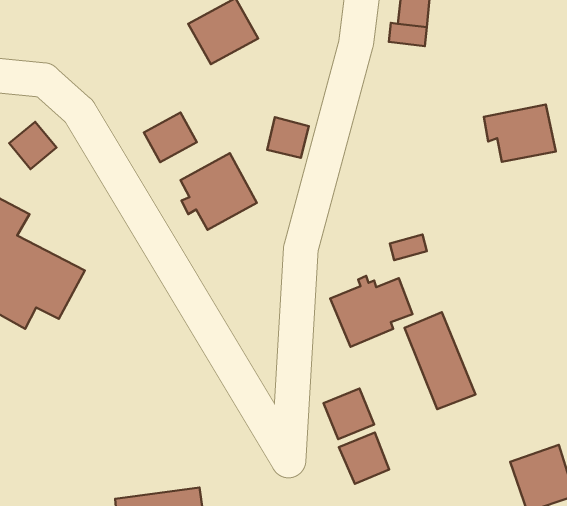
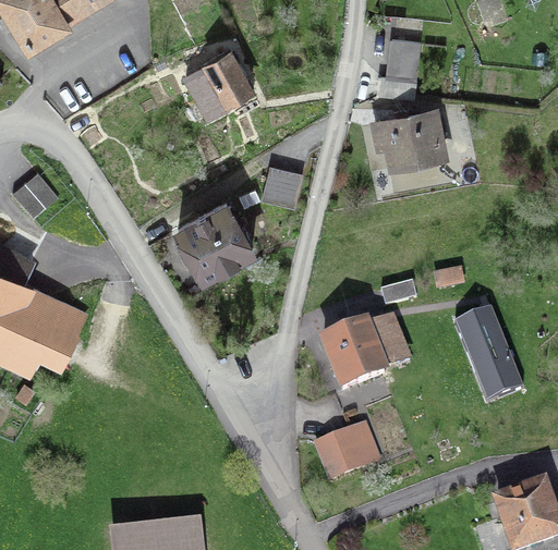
building: [484,104,556,162] -> [375,110,445,166]
building: [144,112,197,162] -> none
building: [405,312,476,409] -> [454,308,523,402]
building: [339,433,389,484] -> none

